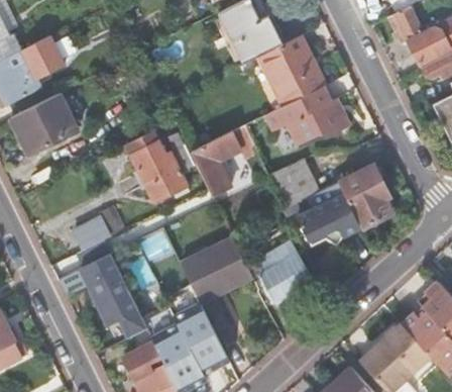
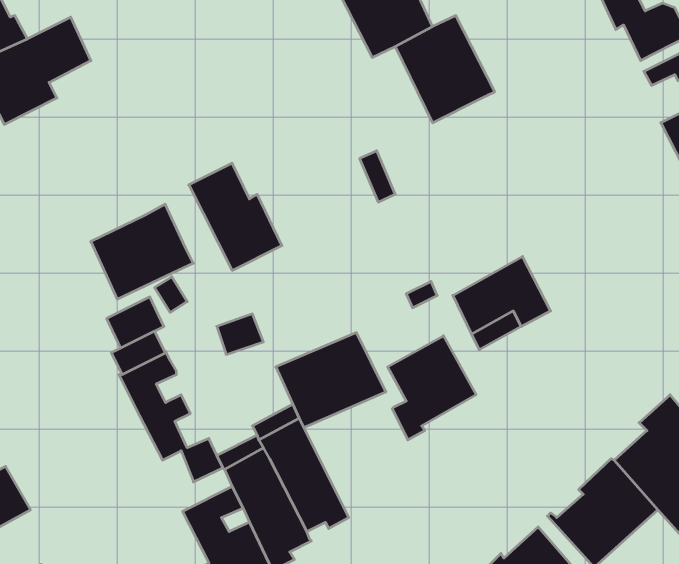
building: [263,86,349,143] -> none
building: [9,93,76,155] -> [91,204,193,299]
building: [191,130,240,195] -> none
building: [268,159,318,207] -> none
building: [338,166,390,228] -> none

